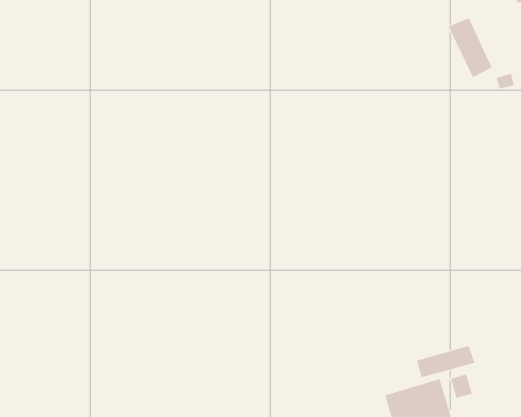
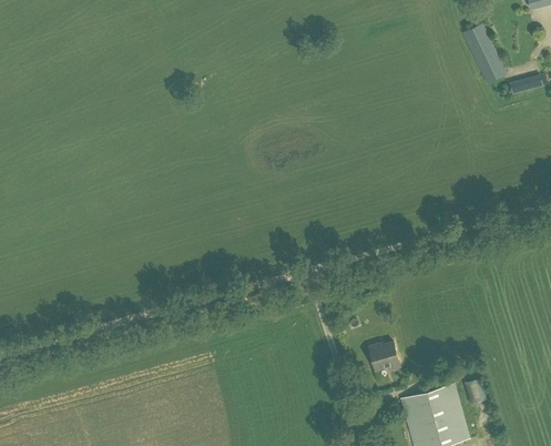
building: none -> [368,342,399,369]
building: [417,345,475,378] -> none

